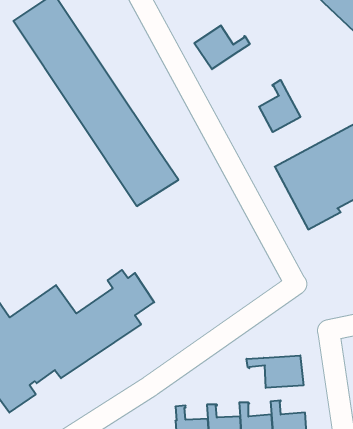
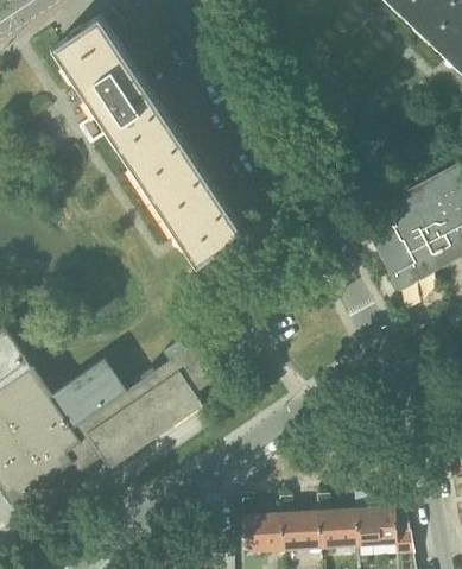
building: [194,25,250,69] -> none
building: [259,80,300,132] -> none
building: [247,355,303,388] -> none

